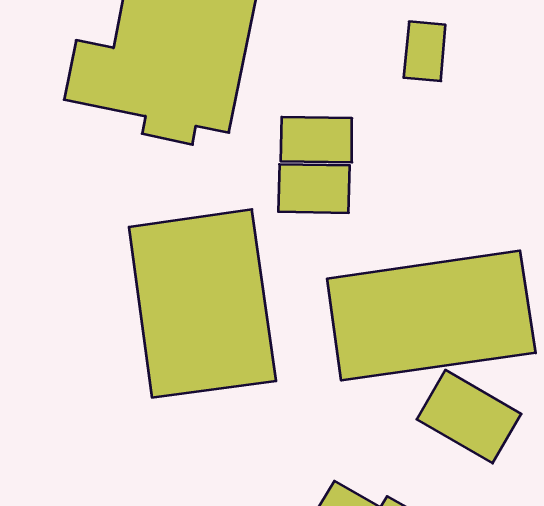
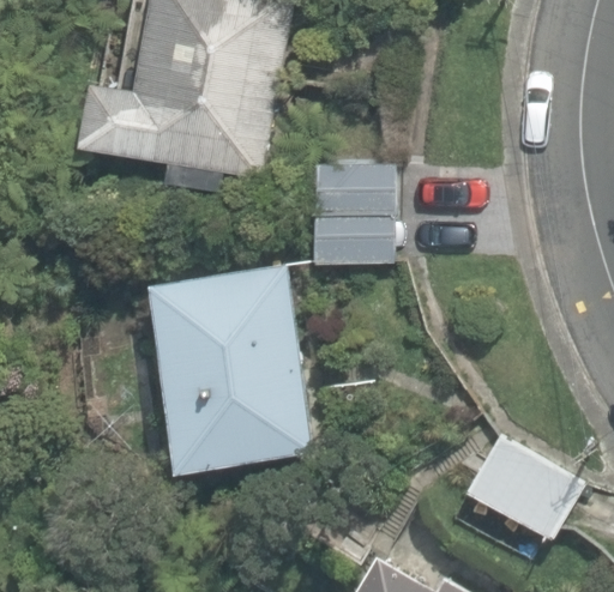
building: [327,251,536,380] -> none

